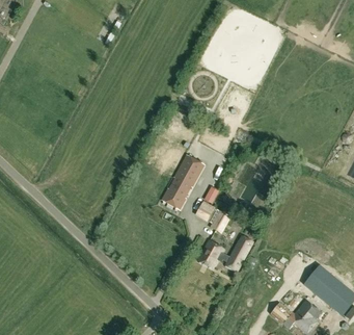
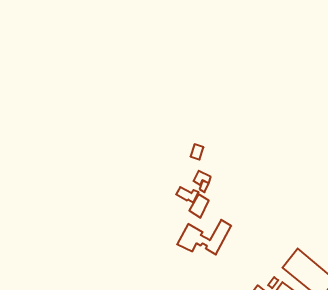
building: [162,154,205,209] -> none

